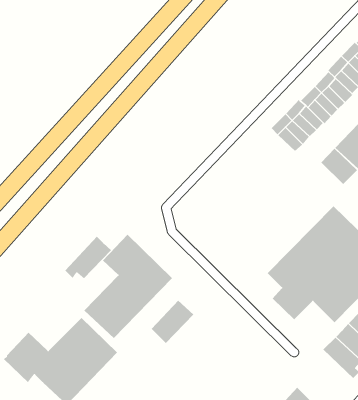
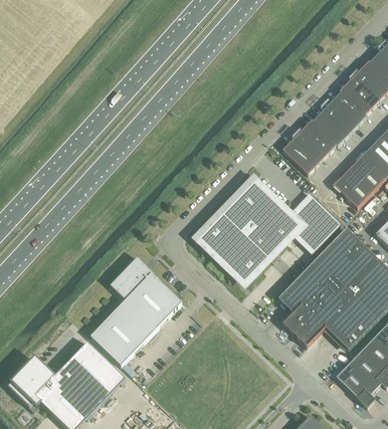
building: none -> [198,177,342,282]
building: [65,236,112,279] -> none
building: [151,300,194,344] -> none

